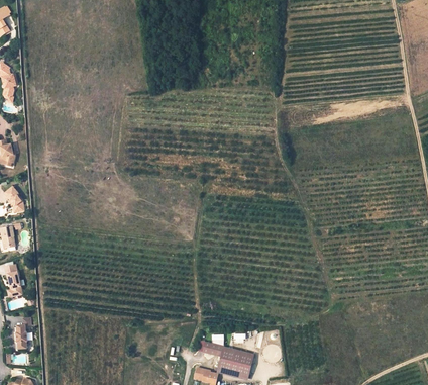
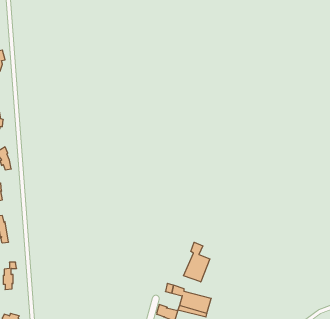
building: none -> [184,242,210,282]

